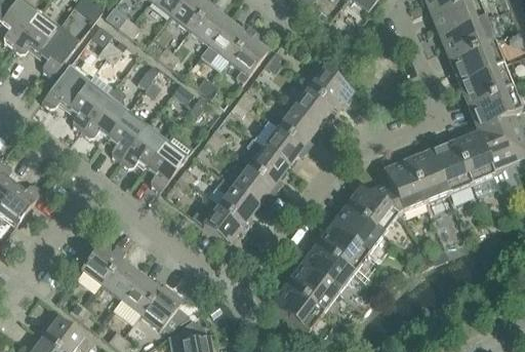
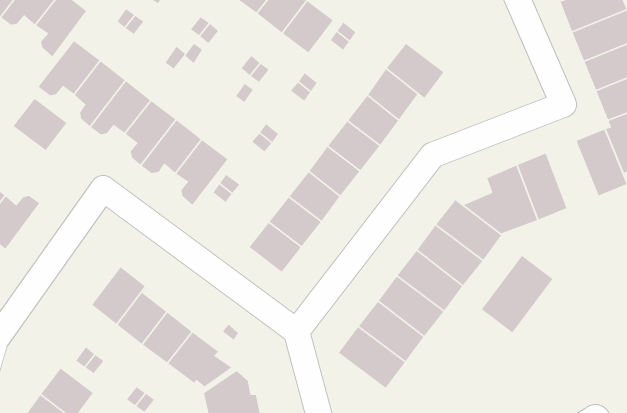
building: none -> [12,98,68,151]
building: [431,142,471,194] -> none
building: none -> [481,255,553,334]

